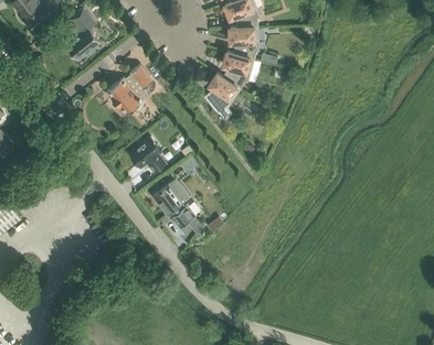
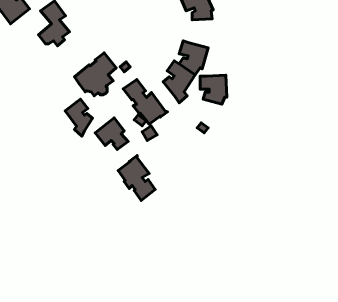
building: [229,28,258,60] -> [200,75,227,104]
building: none -> [123,80,167,124]
building: none -> [65,99,92,136]

